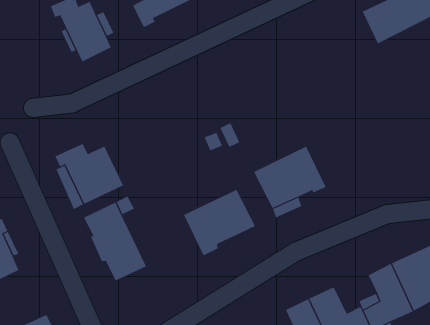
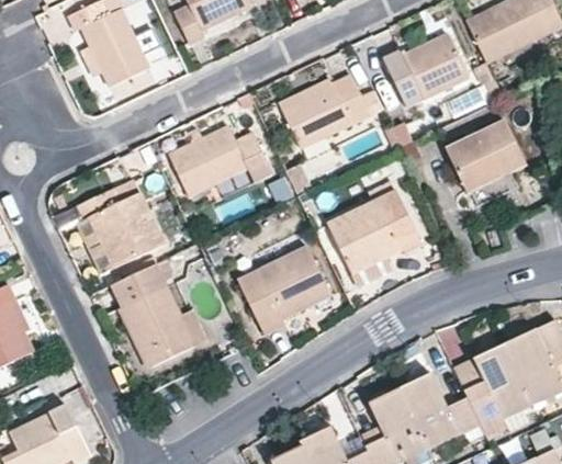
building: none -> [384,35,468,106]
building: none -> [282,75,370,147]
building: none -> [448,123,525,191]
building: none -> [169,127,272,195]

